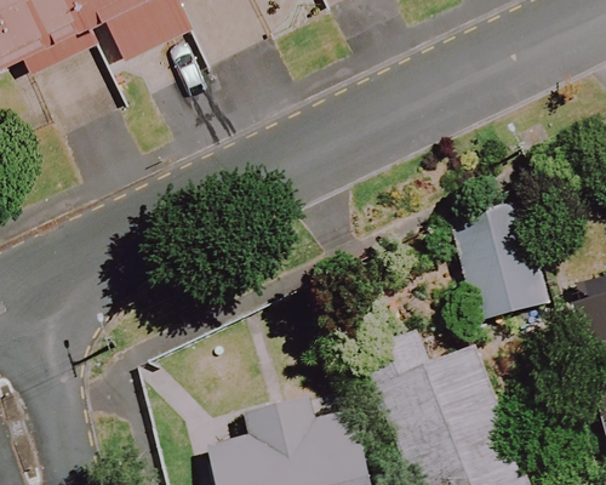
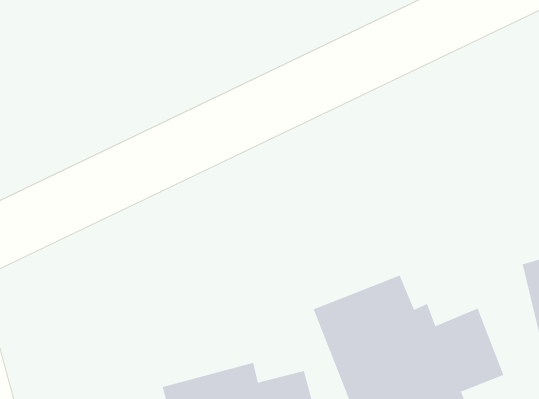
building: [457,218,548,333] -> none

